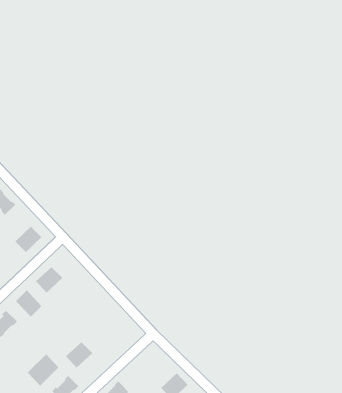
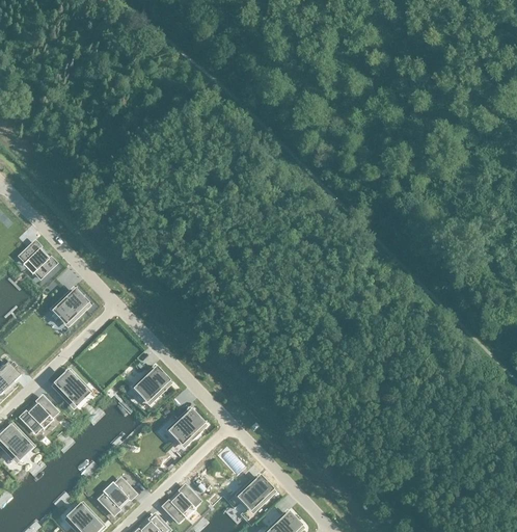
building: [35,267,63,294] -> [134,367,169,401]
building: [65,342,93,369] -> [169,409,205,444]
building: [27,354,59,386] -> none

